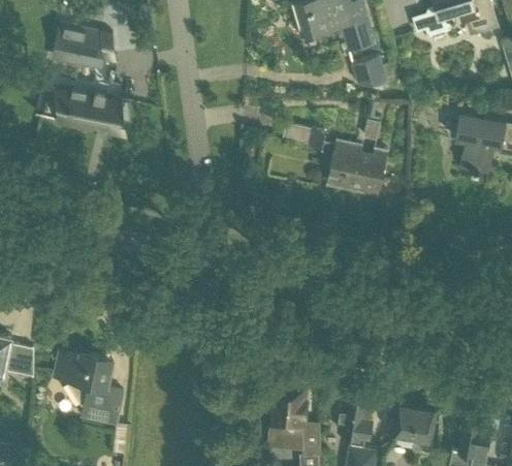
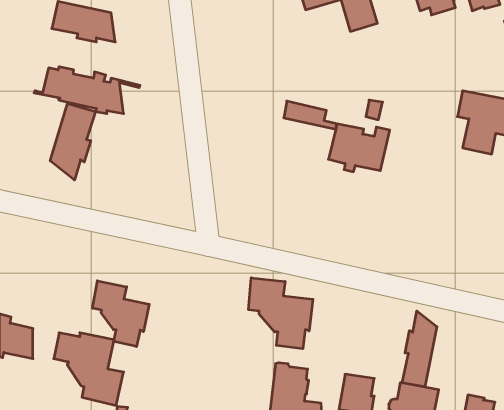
building: [353,57,396,87] -> none
building: none -> [50,104,95,180]
building: none -> [249,278,313,349]
building: none -> [93,281,149,347]
building: none -> [402,311,437,387]

